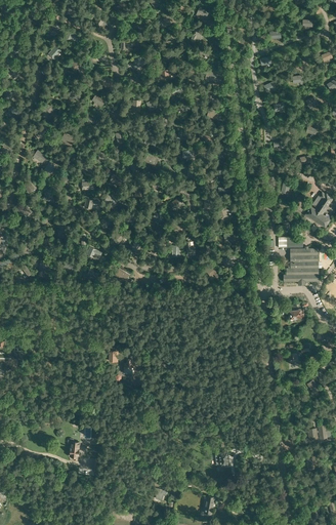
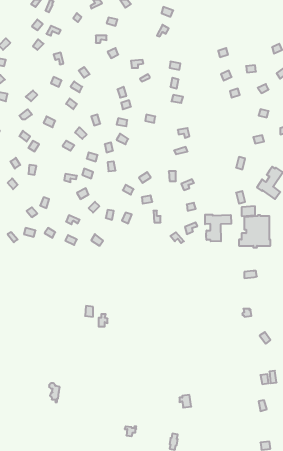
building: none -> [205,215,231,241]

